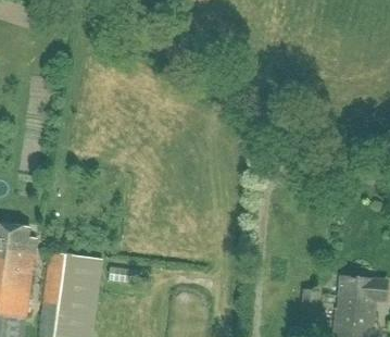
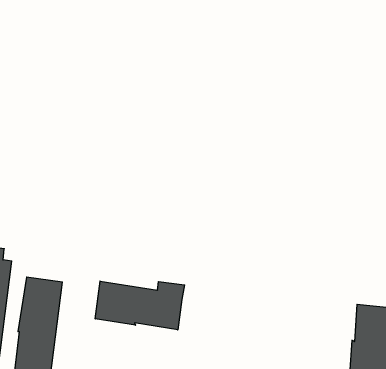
building: none -> [95,281,185,330]

